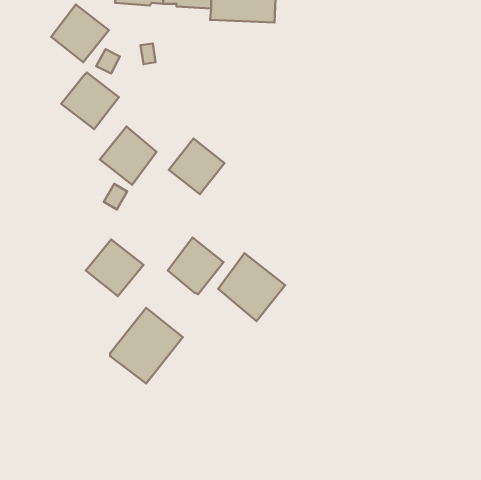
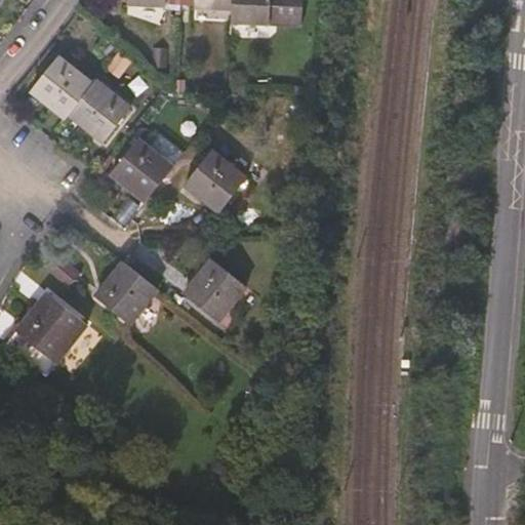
building: [51,5,109,62] -> [30,54,92,117]
building: [218,253,285,321] -> none
building: [110,308,183,383] -> [6,292,85,374]

